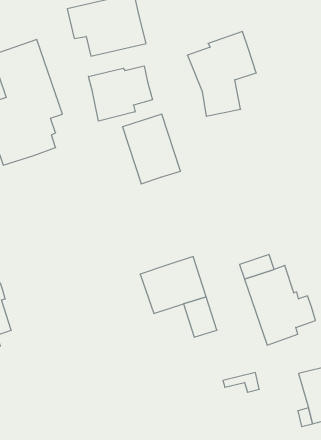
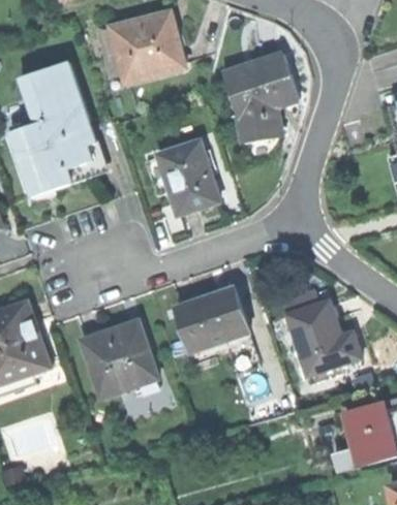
building: [89,66,152,121] -> none
building: none -> [82,322,155,393]

